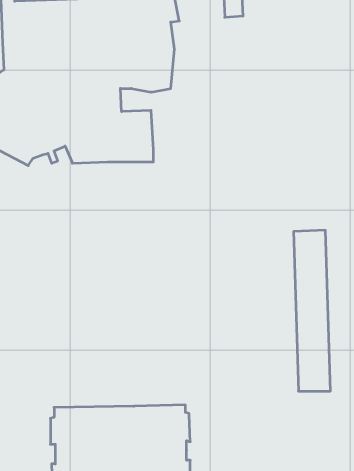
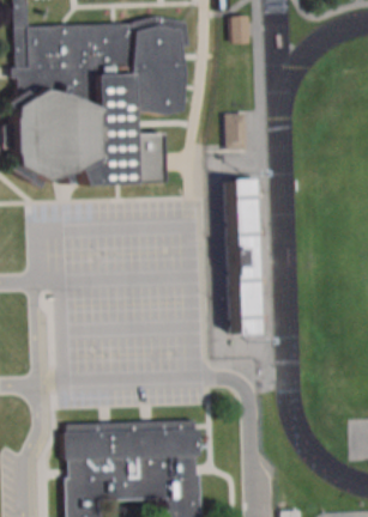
building: none -> [227,112,248,150]
building: [294,230,330,391] -> [228,177,264,334]

